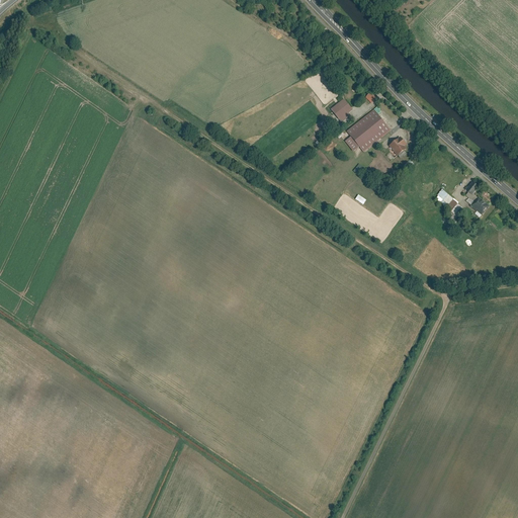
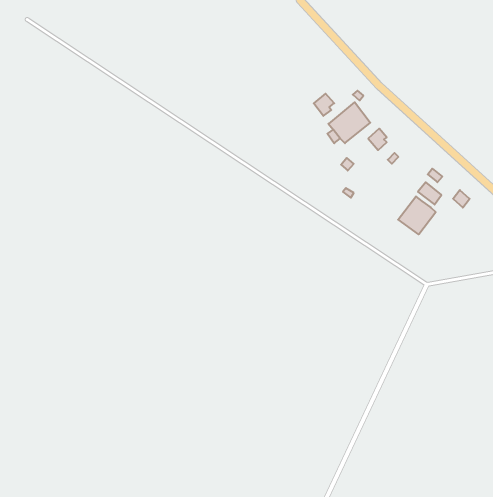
building: none -> [398,196,436,234]

